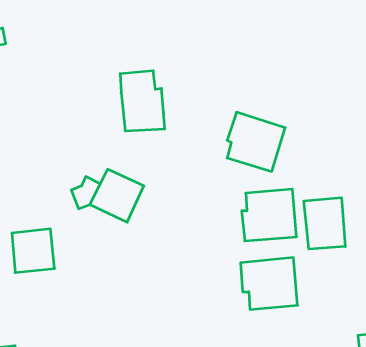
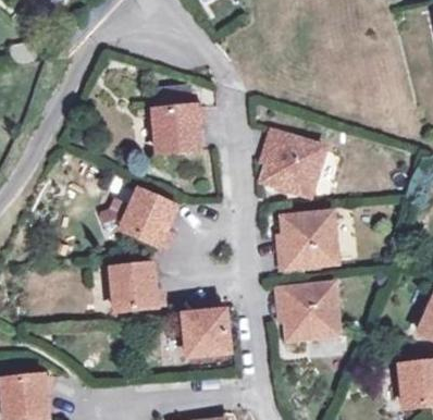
building: [304,198,345,249] -> none
building: [12,229,55,273] -> [112,264,157,310]
building: none -> [184,310,230,356]

